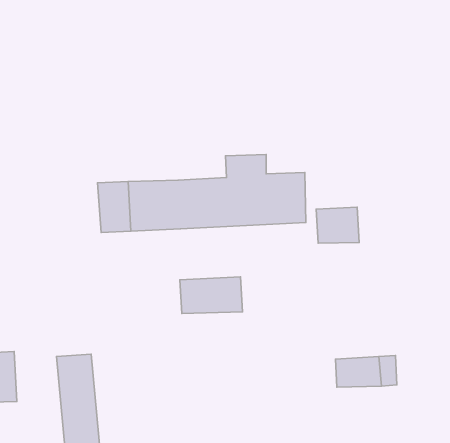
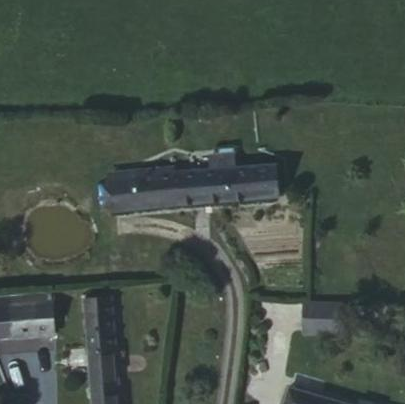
building: [316,207,359,243] -> none
building: [180,277,243,313] -> none

